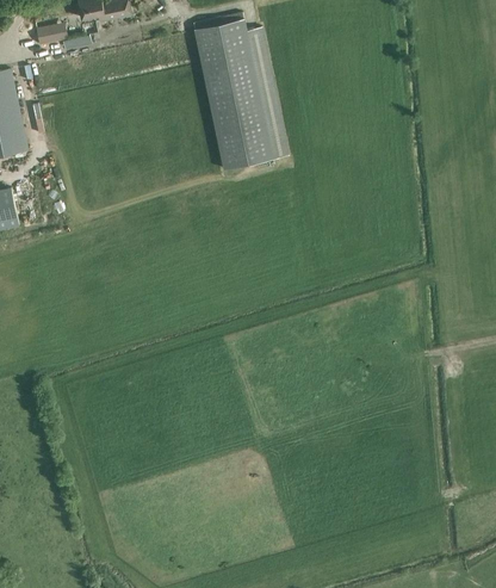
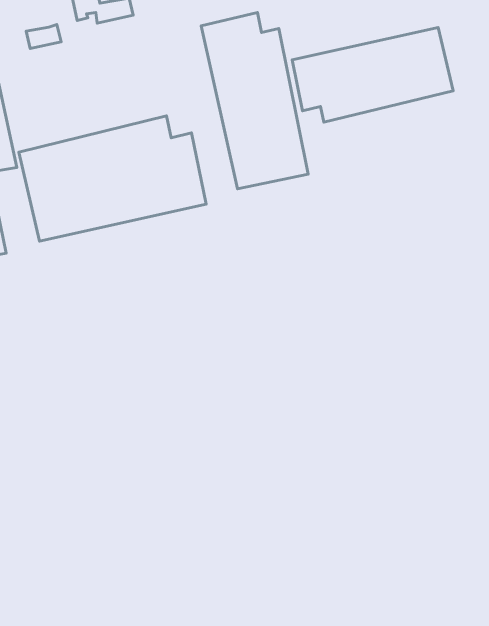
building: none -> [292,27,453,122]
building: none -> [19,116,206,241]

